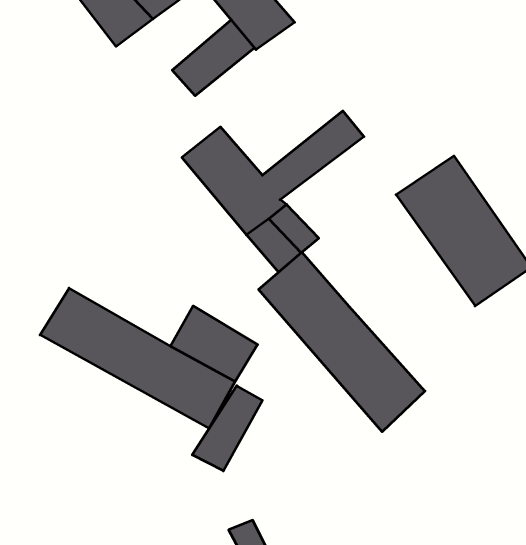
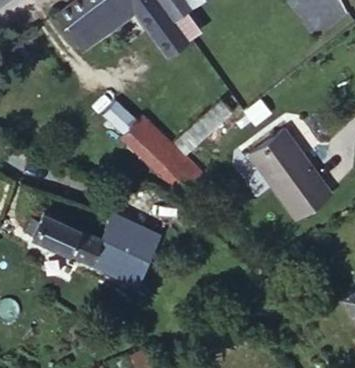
building: [172,20,254,96] -> none
building: [259,252,425,432] -> none
building: [192,386,262,471] -> none

